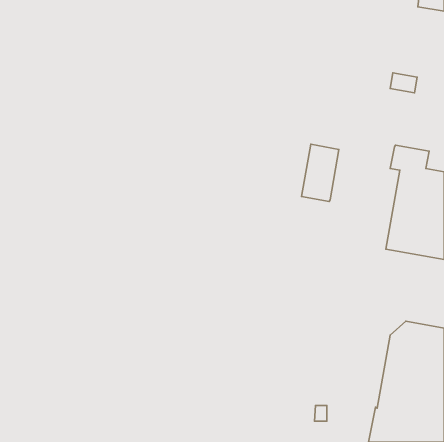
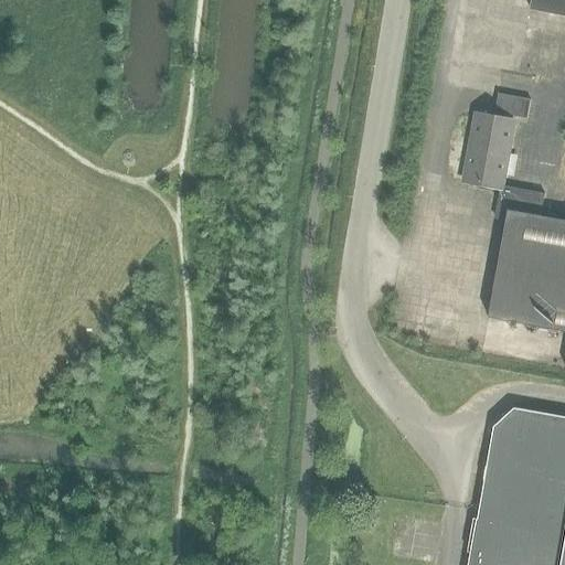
building: [301,144,339,202] -> [466,114,513,186]

